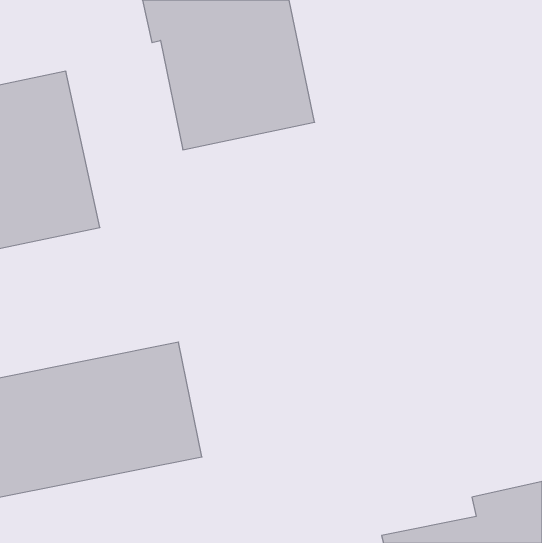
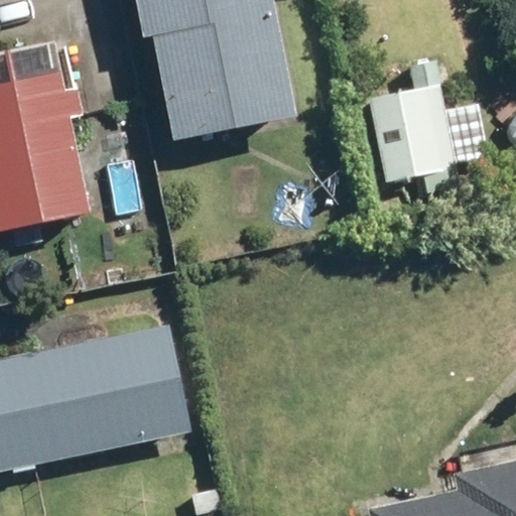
building: none -> [364,57,487,192]

